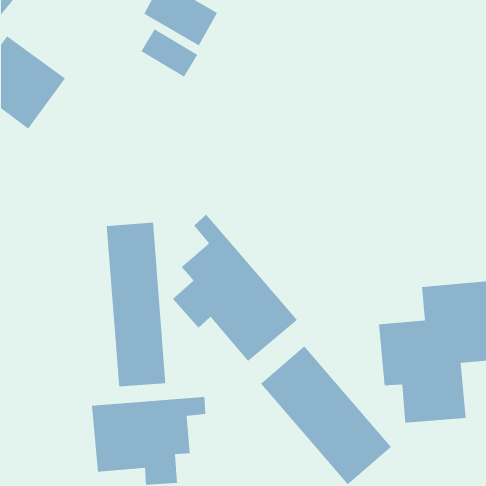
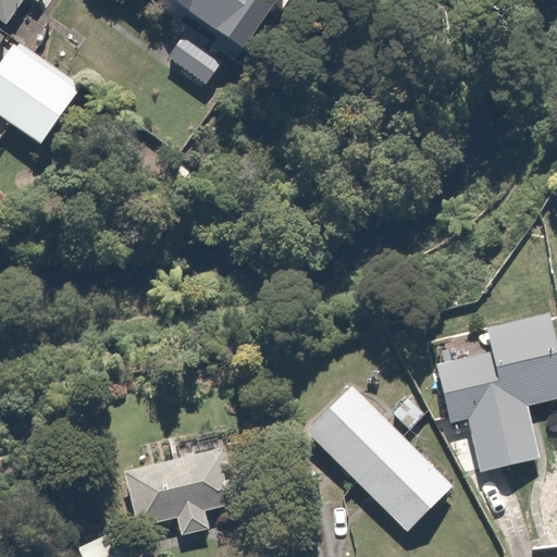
building: [172,214,298,362] -> none
building: [106,222,166,387] -> none

